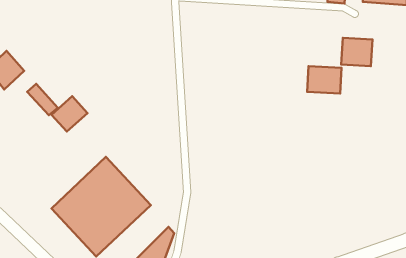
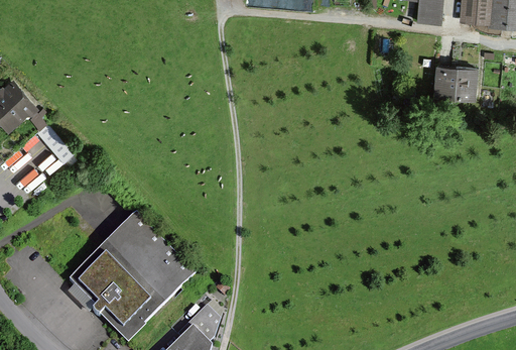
building: [307,66,342,94] -> none
building: [52,96,88,132] -> none

